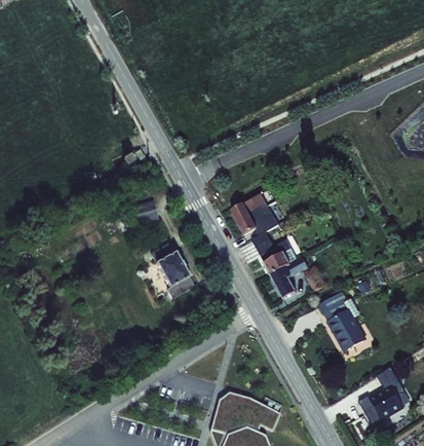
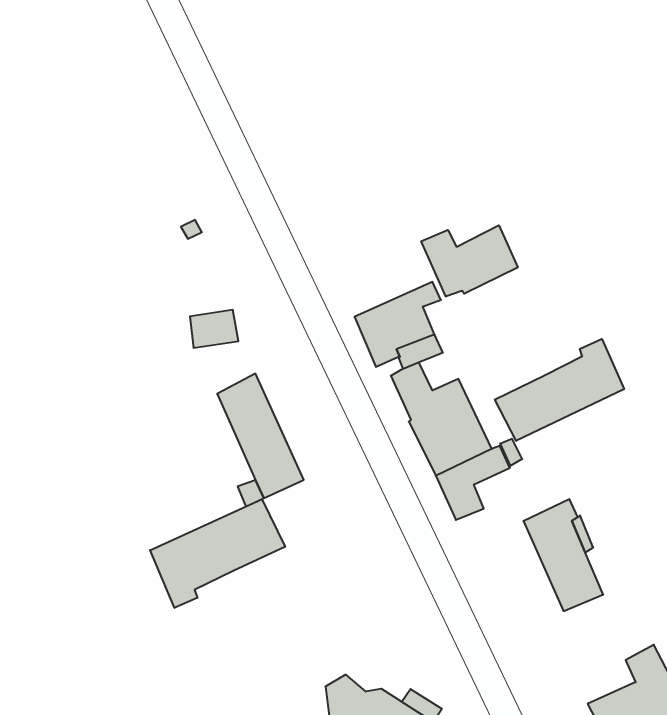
building: none -> [421,225,518,297]
building: none -> [495,339,624,441]
building: none -> [150,499,285,608]

